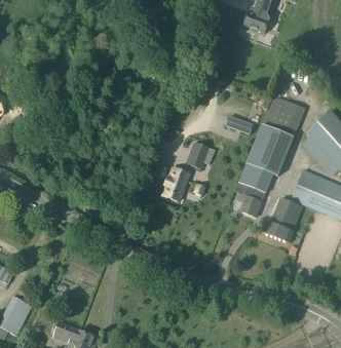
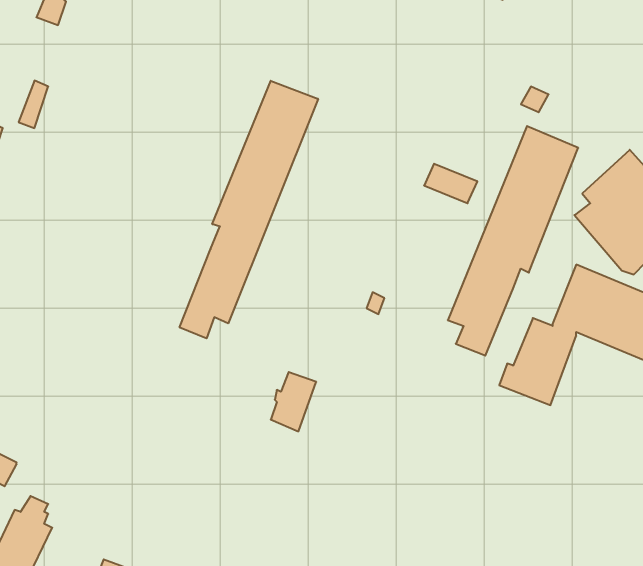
building: none -> [180,81,318,338]
building: [186,142,214,168] -> none
building: [163,168,187,199] -> [271,372,316,431]

